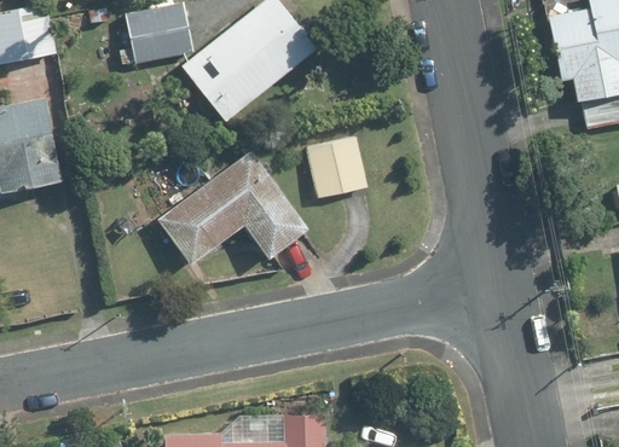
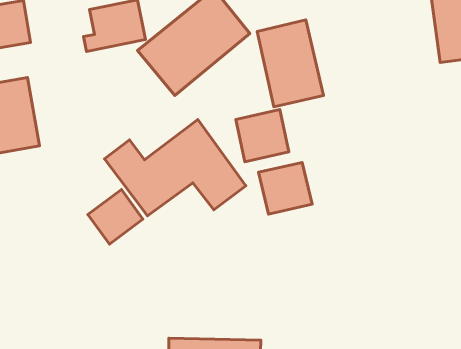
building: none -> [257,20,323,107]
building: none -> [258,162,312,214]
building: none -> [88,190,143,244]

